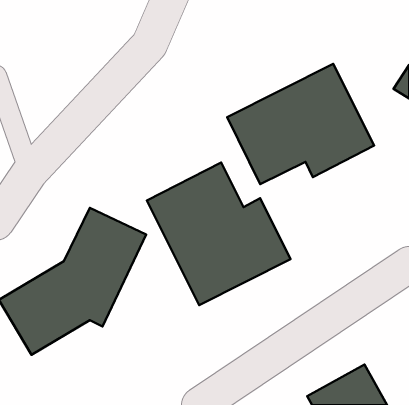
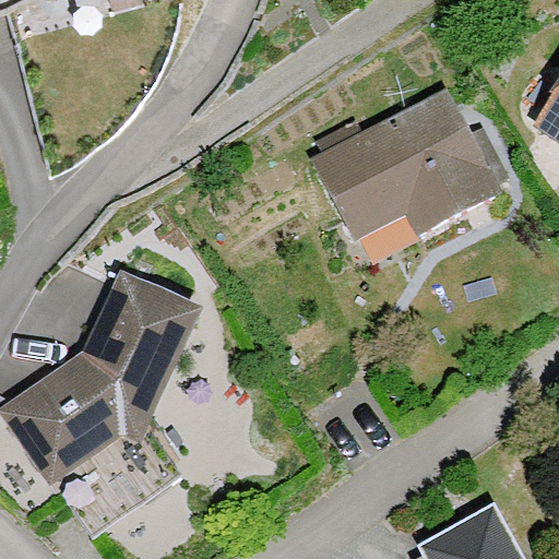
building: [147,163,290,305] -> none

